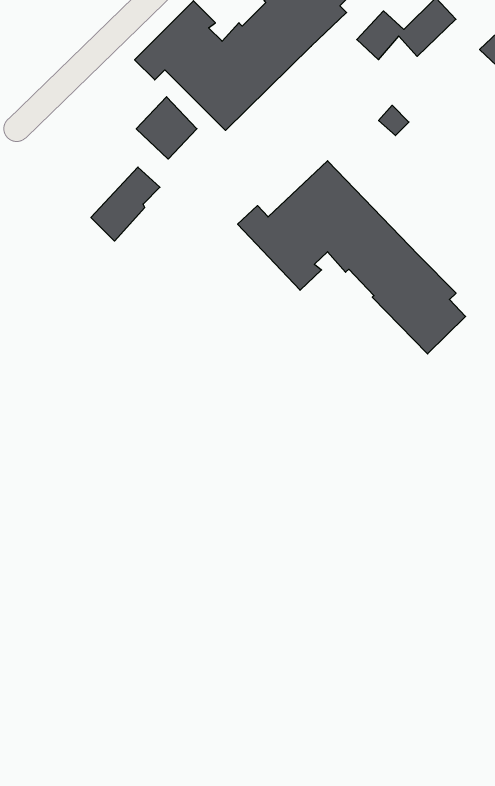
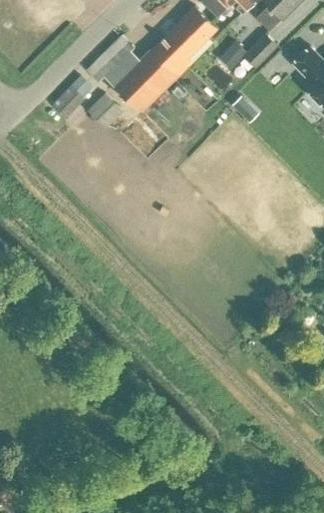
building: [238,161,466,354] -> none
building: [91,167,160,241] -> [53,75,94,119]

